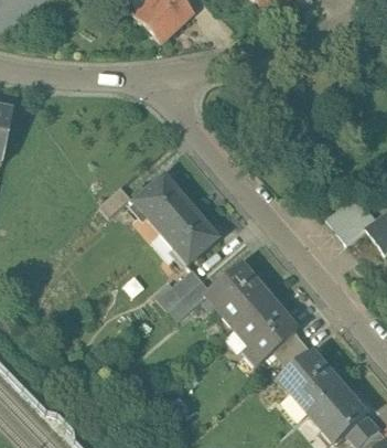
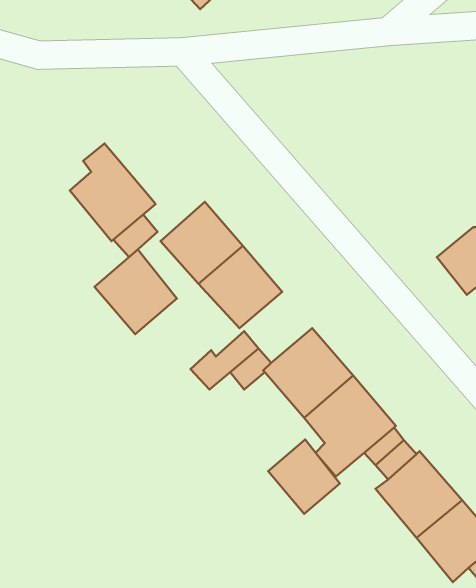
building: none -> [70,144,156,241]
building: none -> [95,250,177,334]
building: none -> [268,440,340,514]

